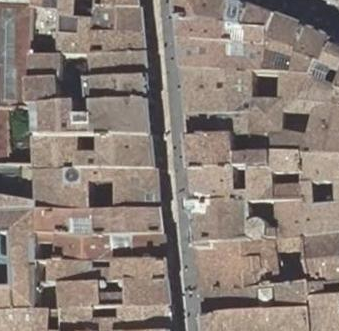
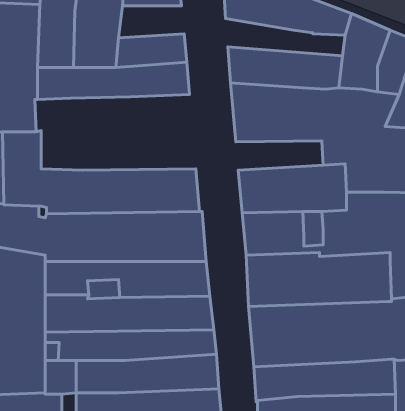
building: [93,9,144,34] -> none
building: [176,19,269,48] -> none
building: [28,78,153,137] -> none
building: [184,114,252,137] -> none

